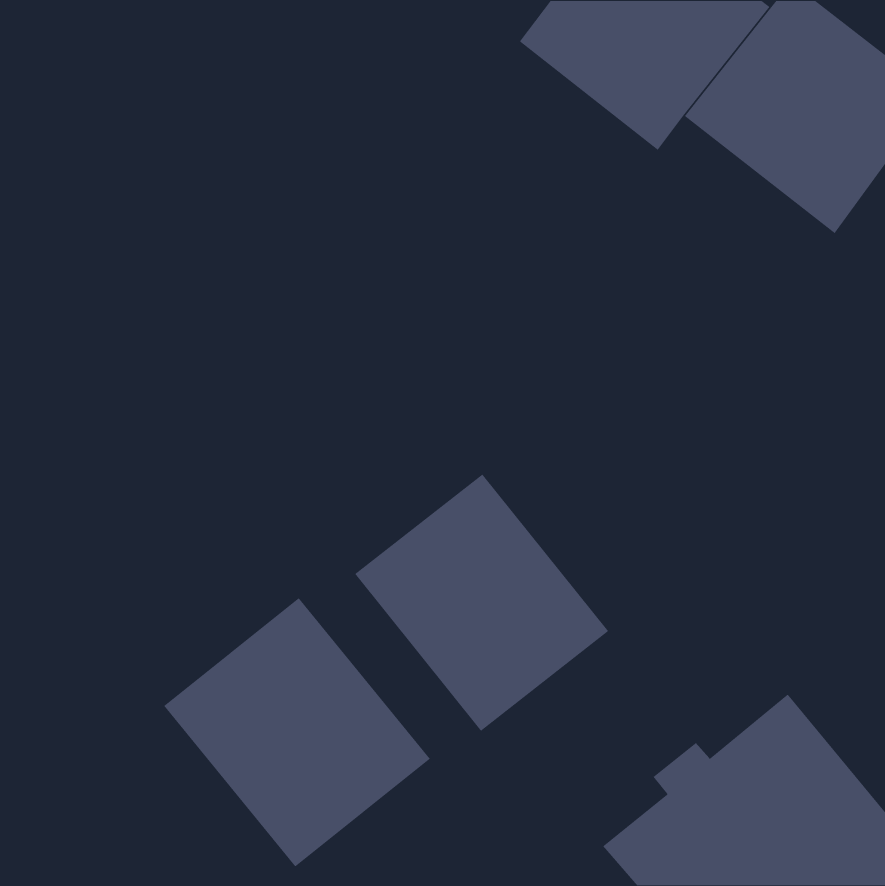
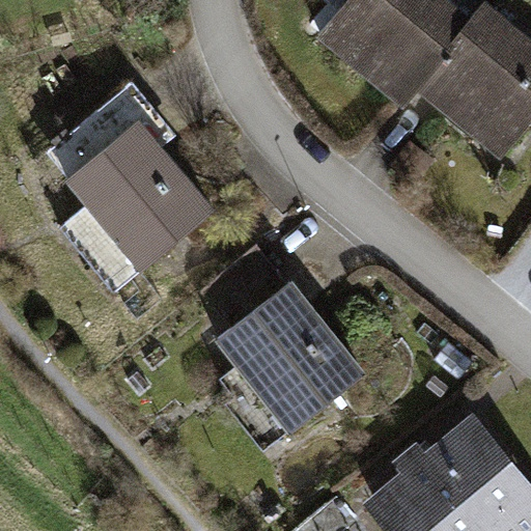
building: none -> [63,122,213,274]
building: [163,597,431,868] -> none

